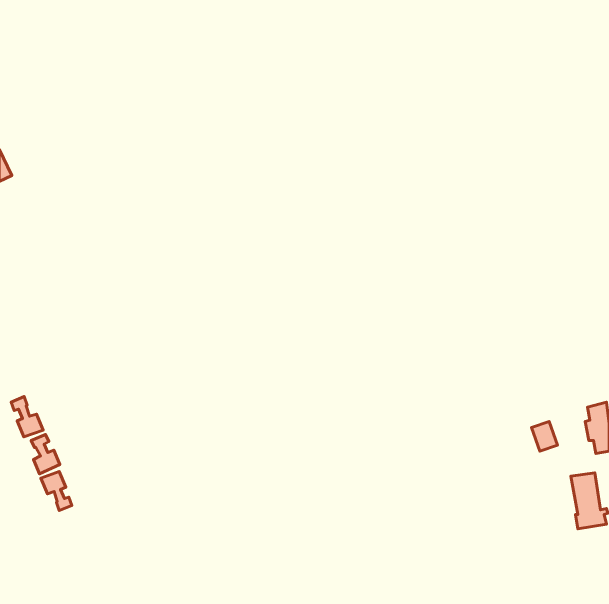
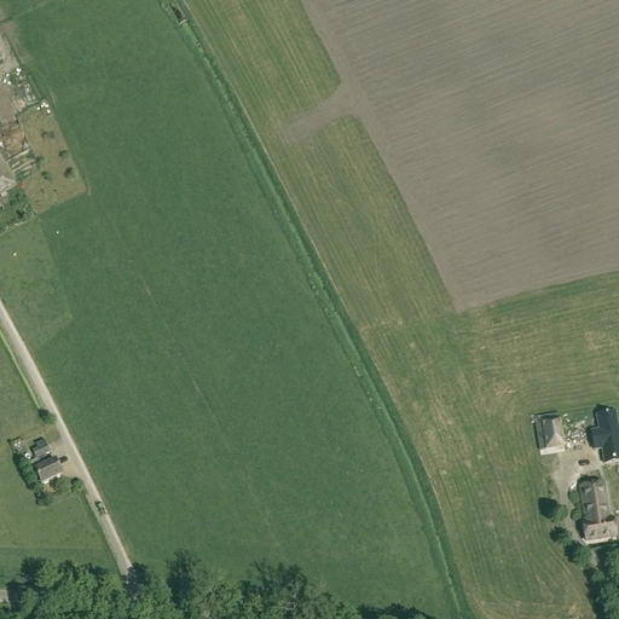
building: [11,397,43,437] -> none
building: [41,472,72,511] -> none

